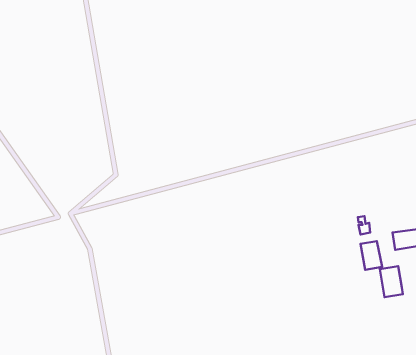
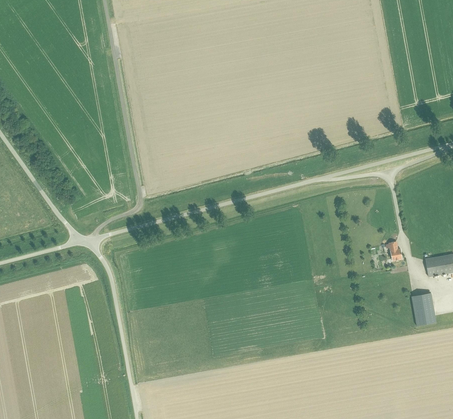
building: [361,241,382,270] -> none

